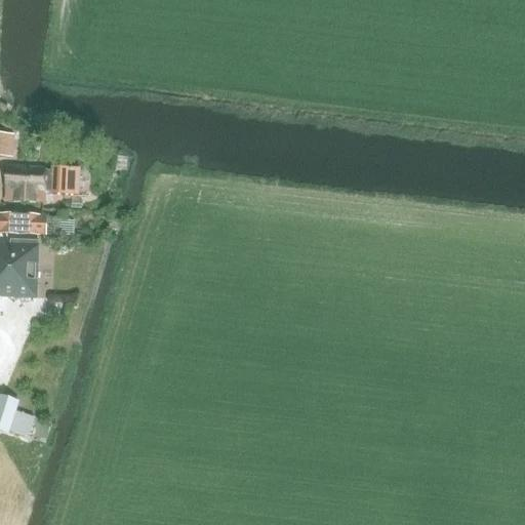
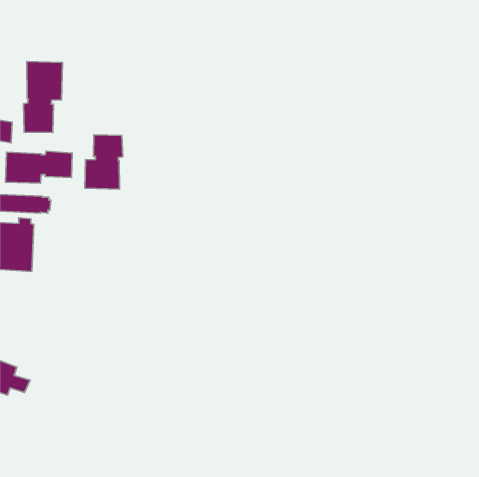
building: none -> [23,62,62,133]
building: none -> [85,135,123,189]

